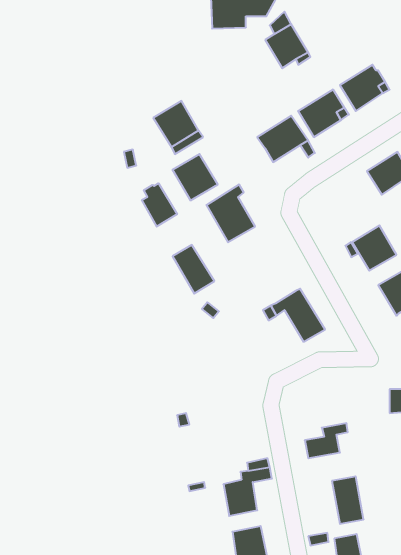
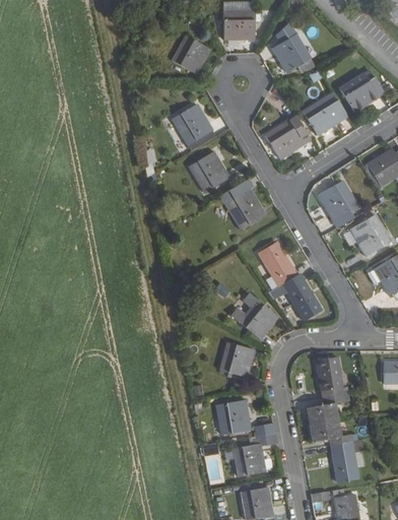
building: none -> [171,35,210,74]
building: [142,183,177,227] -> none
building: none -> [317,180,358,221]
building: [173,245,214,294] -> [261,242,298,285]
building: none -> [229,295,277,339]
building: none -> [220,342,254,378]
building: none -> [316,356,344,397]
building: none -> [216,399,250,435]
building: none -> [310,419,352,445]

